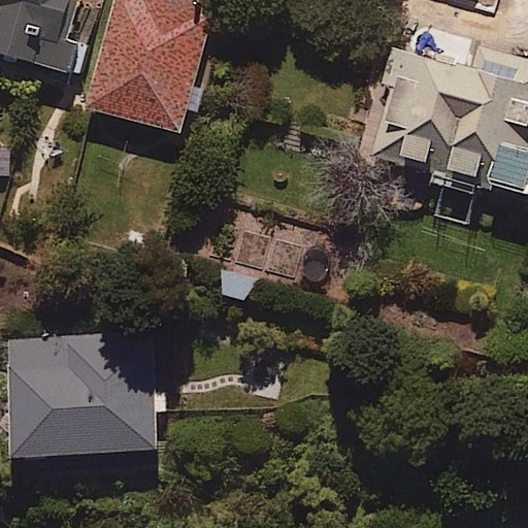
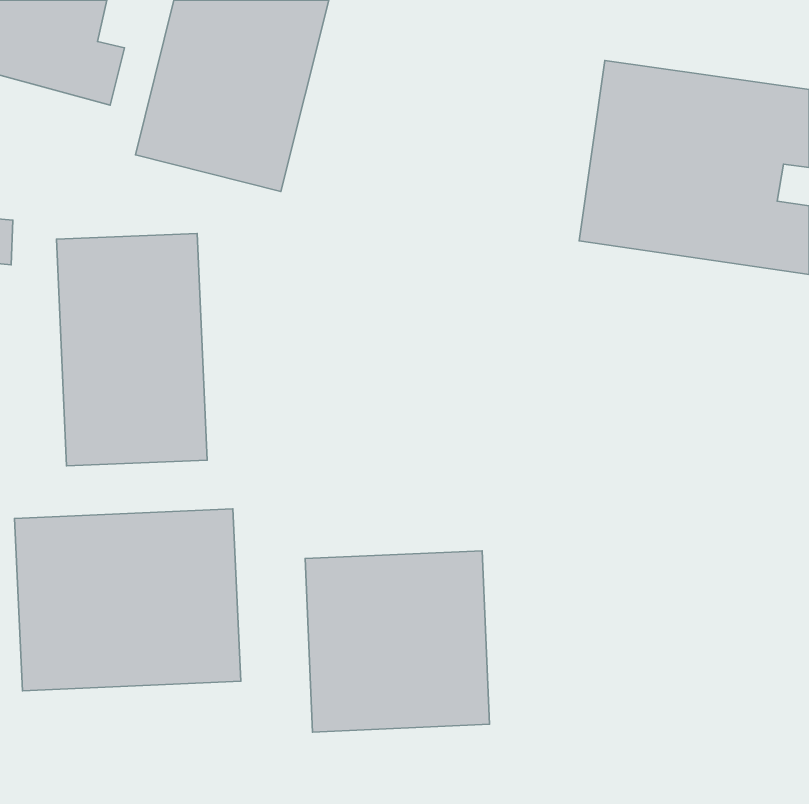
building: none -> [57,233,207,466]
building: none -> [305,551,489,732]

